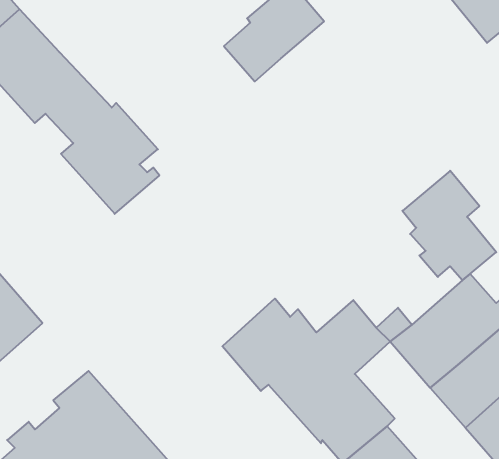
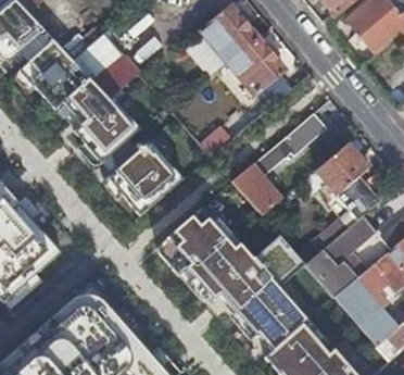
building: none -> [73,33,139,98]
building: none -> [229,37,287,108]
building: none -> [232,111,327,214]
building: none -> [109,138,186,214]
building: none -> [160,207,225,274]

